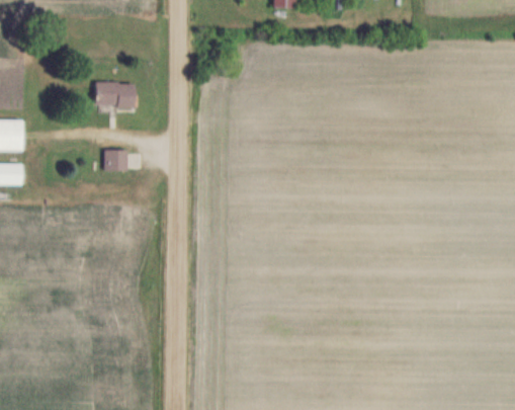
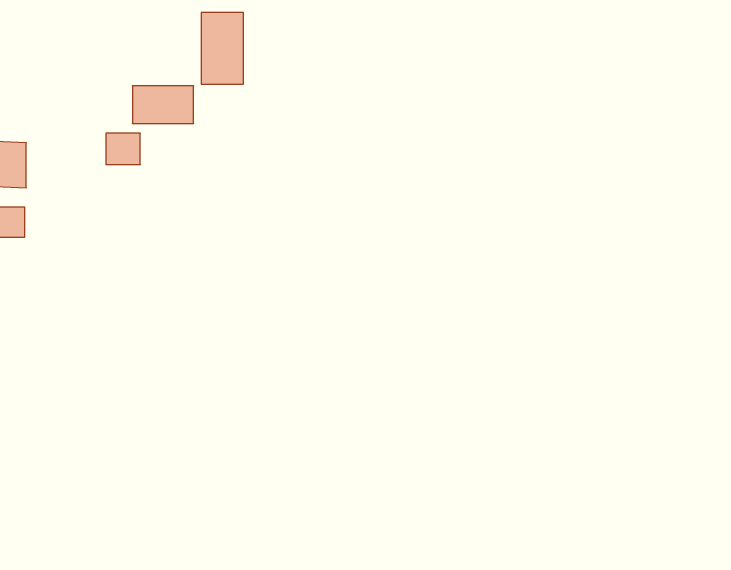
building: none -> [201,12,243,84]
building: [105,150,128,171] -> [106,133,140,165]

